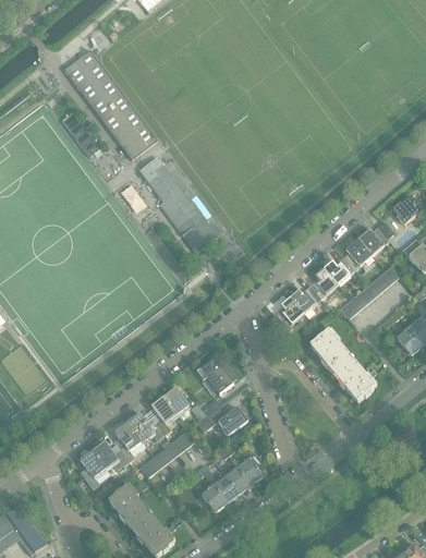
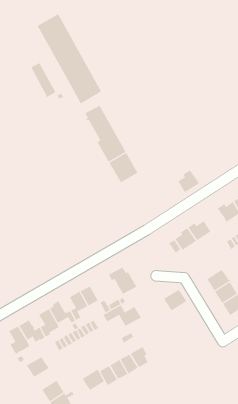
building: [308,268,337,299] -> [177,170,200,193]
building: [309,330,340,360] -> [163,289,187,311]
building: [120,499,149,529] -> [82,369,105,391]

